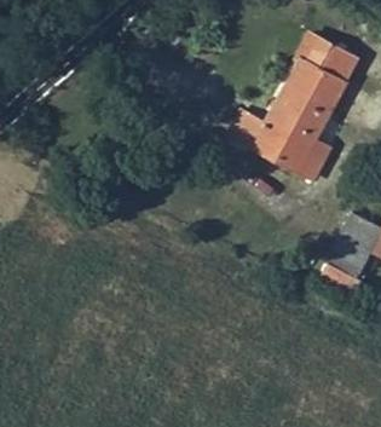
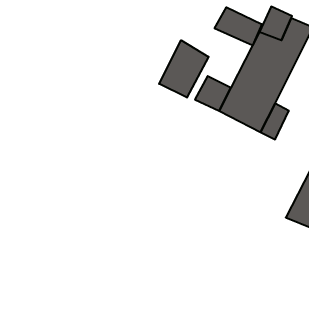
building: none -> [215,7,262,45]
building: none -> [159,40,209,98]

